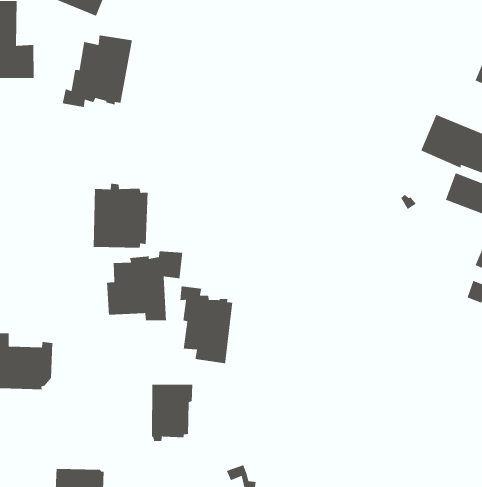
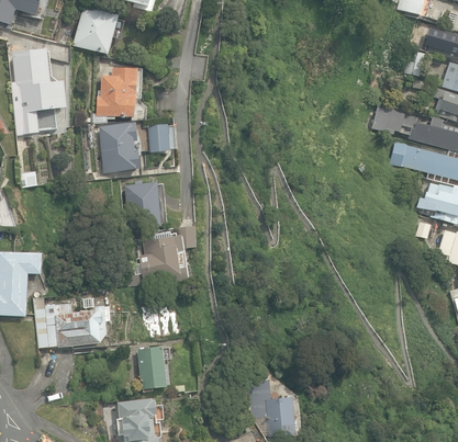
building: none -> [94,123,137,172]
building: none -> [149,124,169,151]
building: [180,286,233,364] -> none
building: [151,384,193,442] -> [137,345,170,393]

